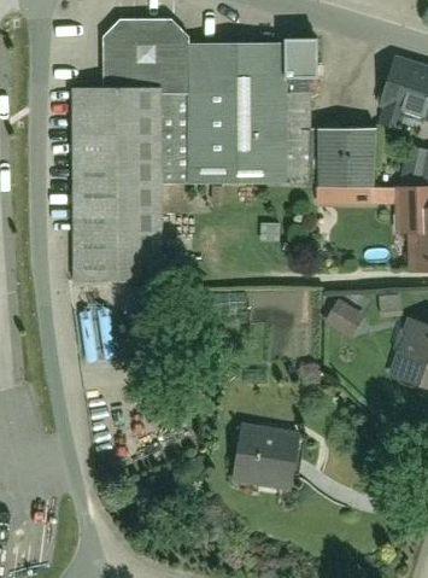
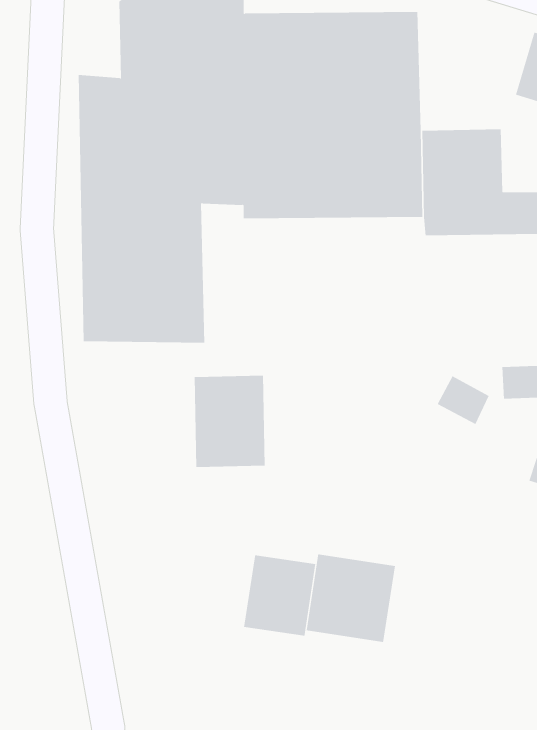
building: none -> [194,375,265,468]
building: none -> [244,554,316,637]

